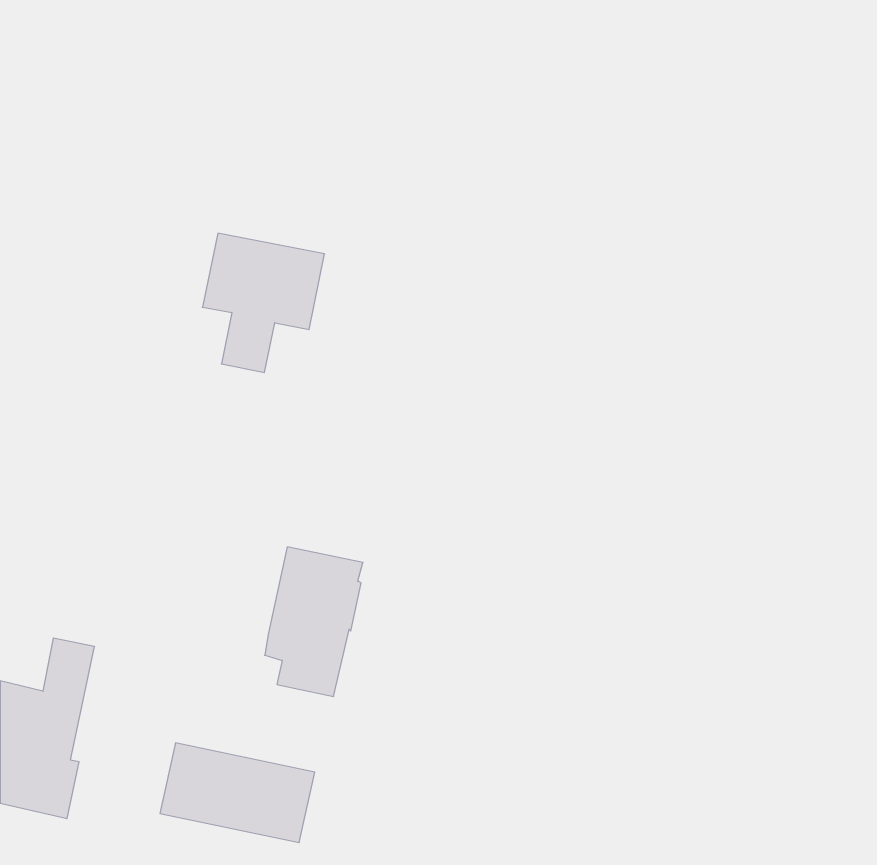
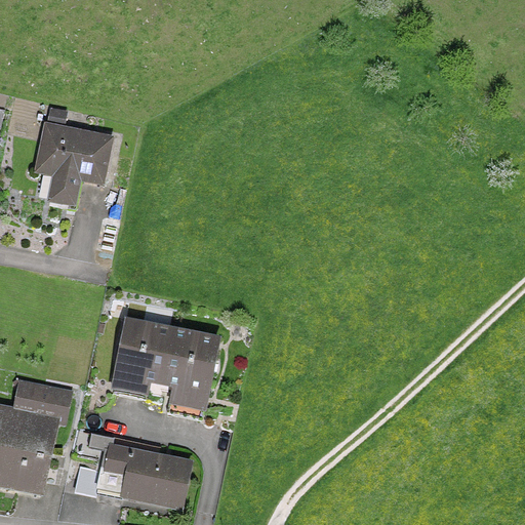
building: [202,233,325,373] -> [37,122,110,205]
building: none -> [112,317,172,395]

